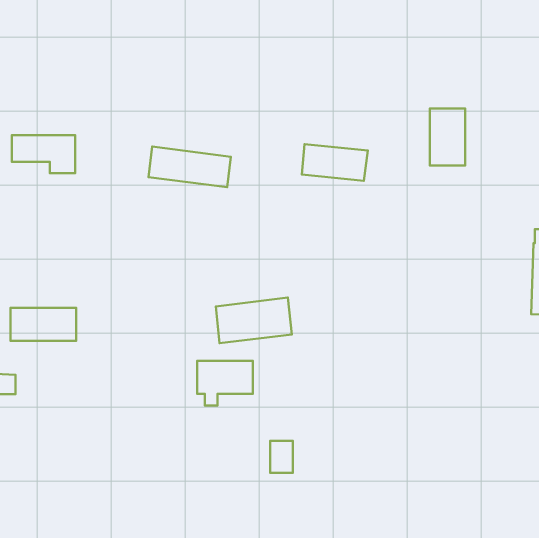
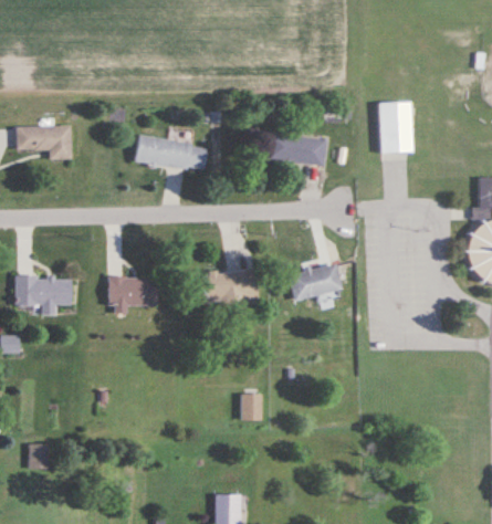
building: none -> [289,265,342,302]
building: [197,361,253,405] -> [108,277,157,316]
building: none -> [29,443,49,469]

